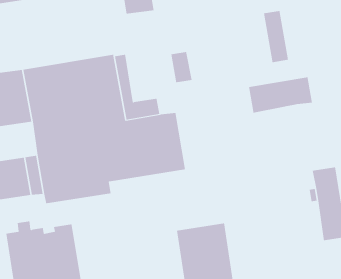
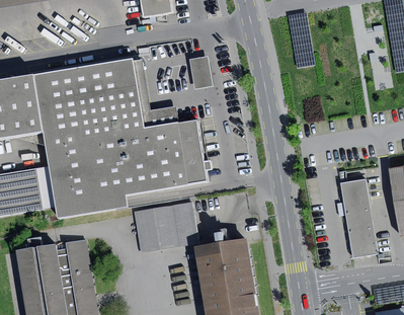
building: [248,76,313,113] -> none
building: none -> [134,203,197,250]

